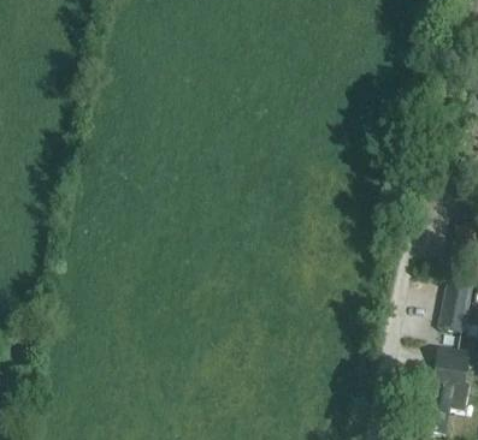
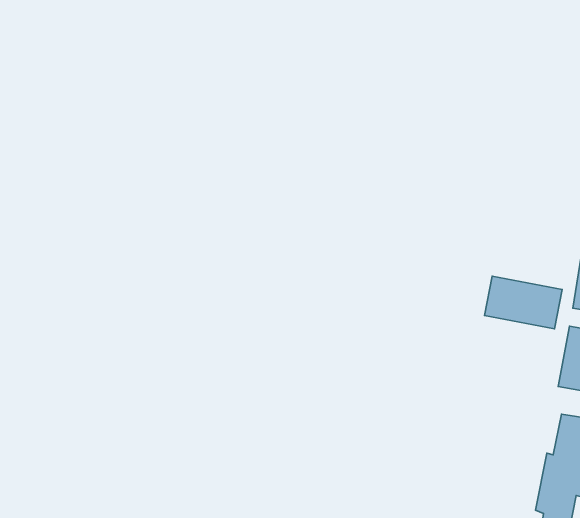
building: none -> [485,276,562,329]

